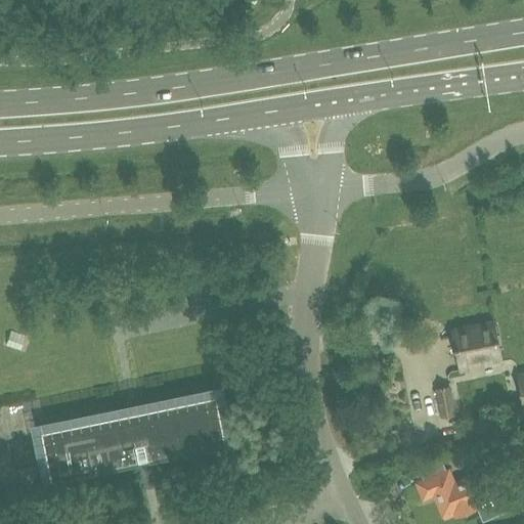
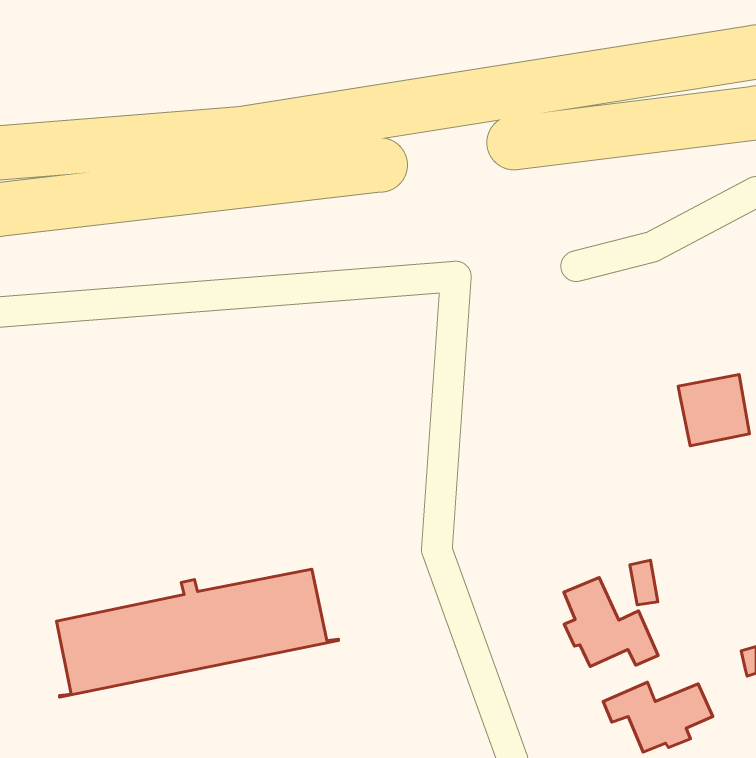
building: [450,321,499,370] -> [678,374,750,446]
building: none -> [564,578,658,667]

